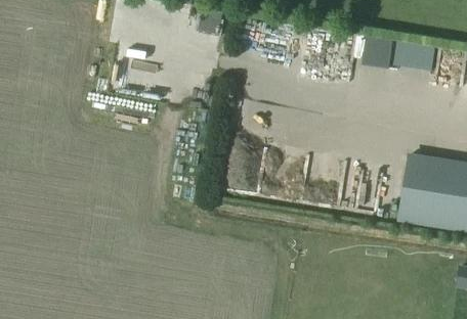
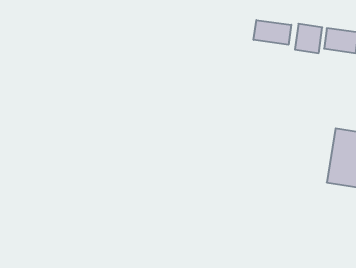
building: none -> [254,20,291,45]

